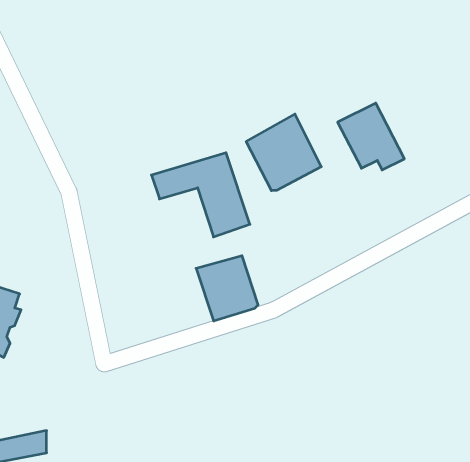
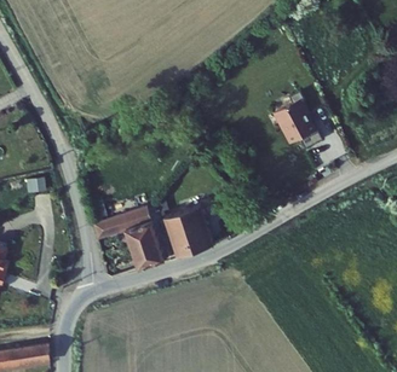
building: [246,114,321,191] -> none
building: [151,153,250,237] -> [90,209,165,273]

